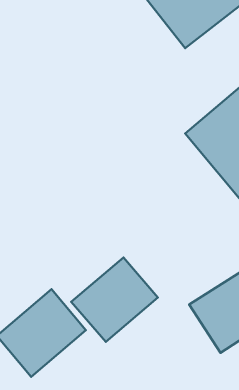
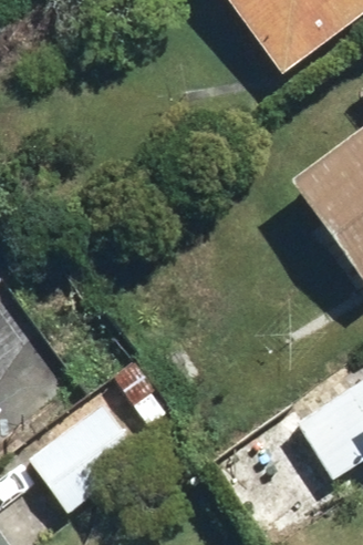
building: [71,258,158,342] -> none

